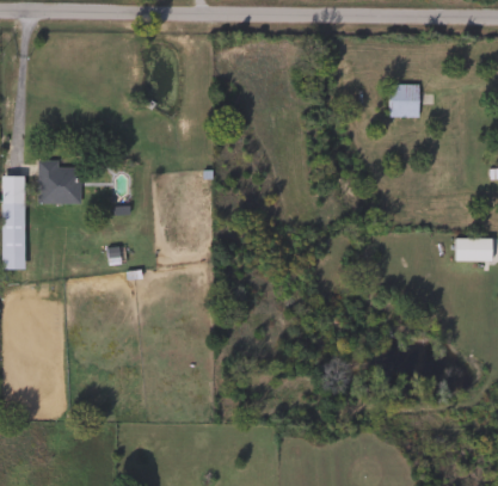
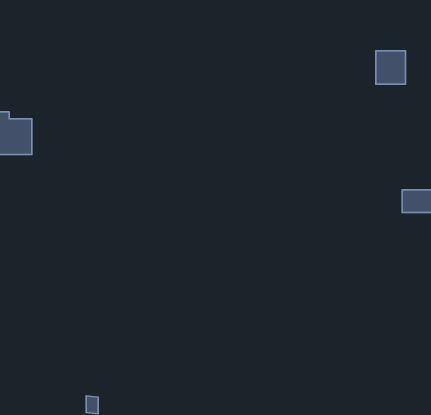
building: [389,84,419,117] -> [376,51,405,84]

